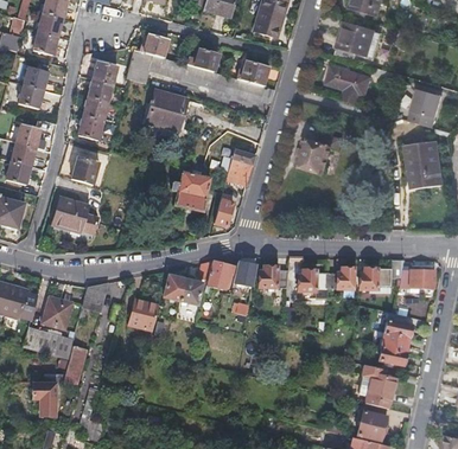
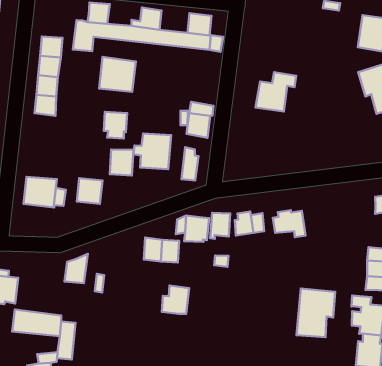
building: [326,66,369,104] -> none
building: none -> [104,112,127,138]
building: [70,156,98,185] -> [77,178,102,204]
building: none -> [110,149,134,175]
building: [360,259,403,289] -> none
building: [327,268,355,289] -> none
building: [42,296,72,329] -> none
building: [128,300,159,331] -> [162,285,189,314]
building: none -> [297,289,335,337]

